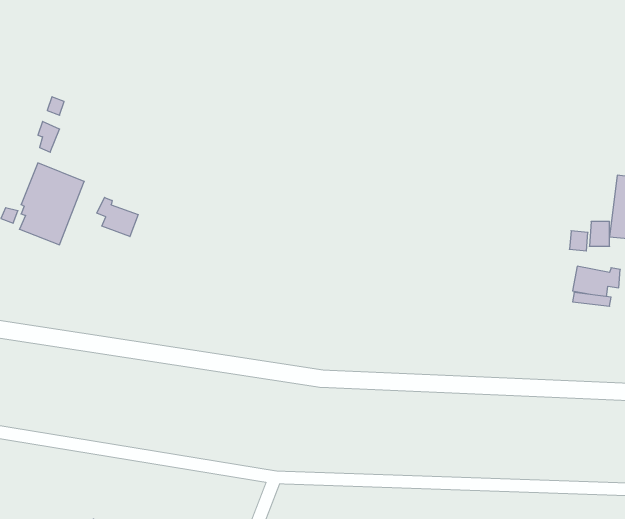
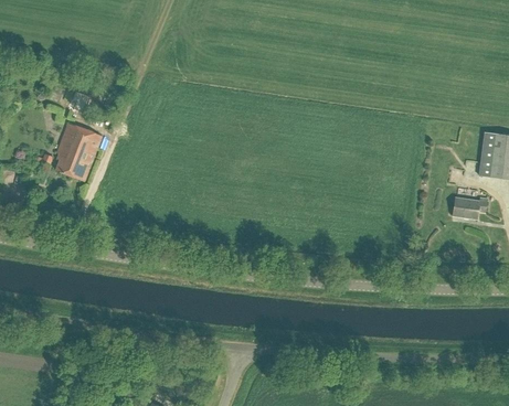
building: [97,197,138,237] -> none

